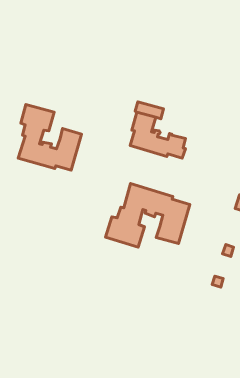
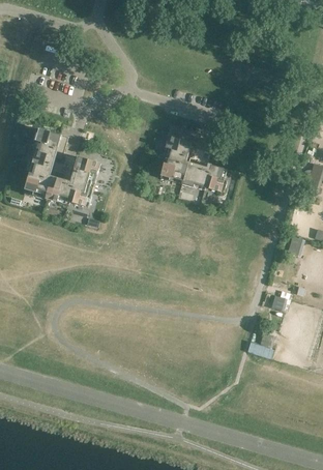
building: [106,184,190,247] -> none

